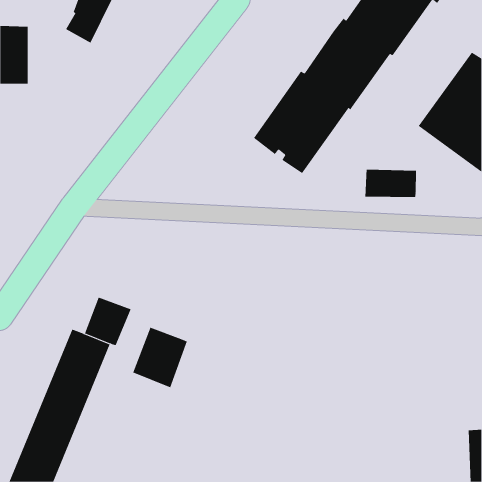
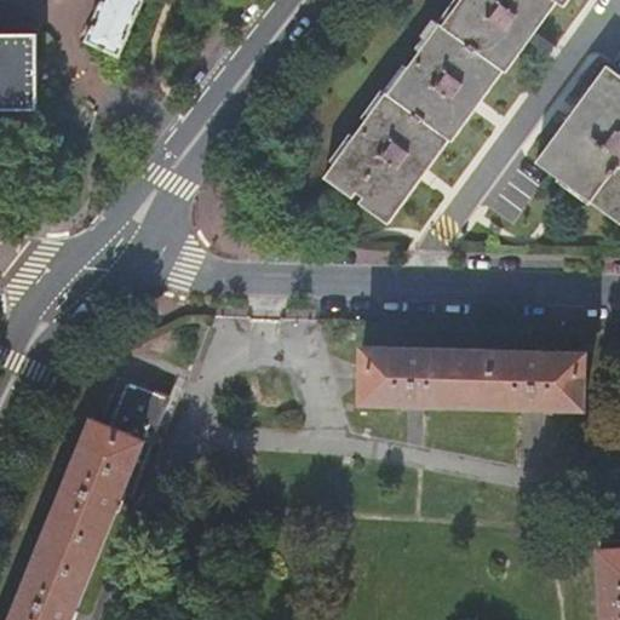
building: [365,169,416,198] -> none
building: none -> [360,348,585,408]
building: [133,327,188,388] -> none

